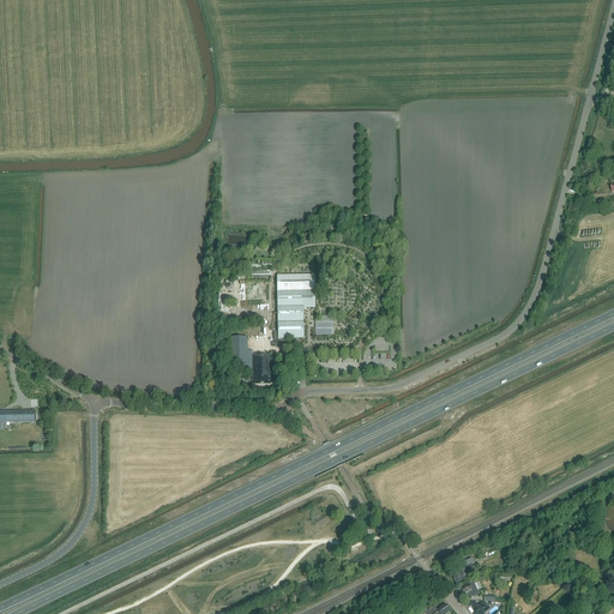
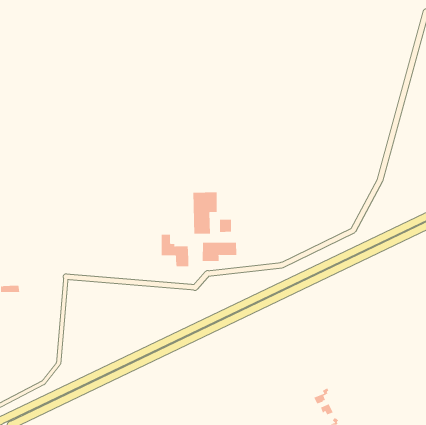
building: none -> [202,242,237,262]

